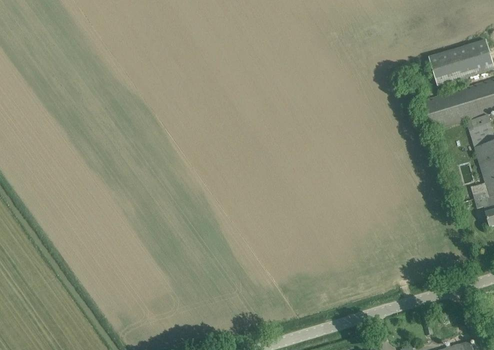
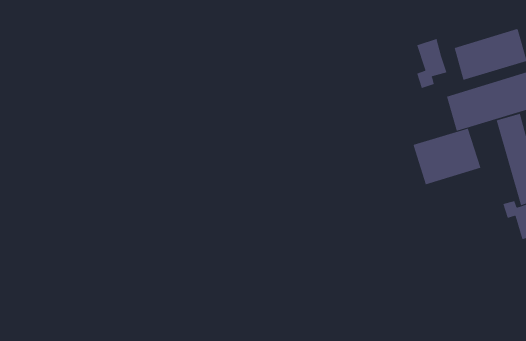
building: none -> [416,38,447,89]
building: none -> [413,128,481,185]

